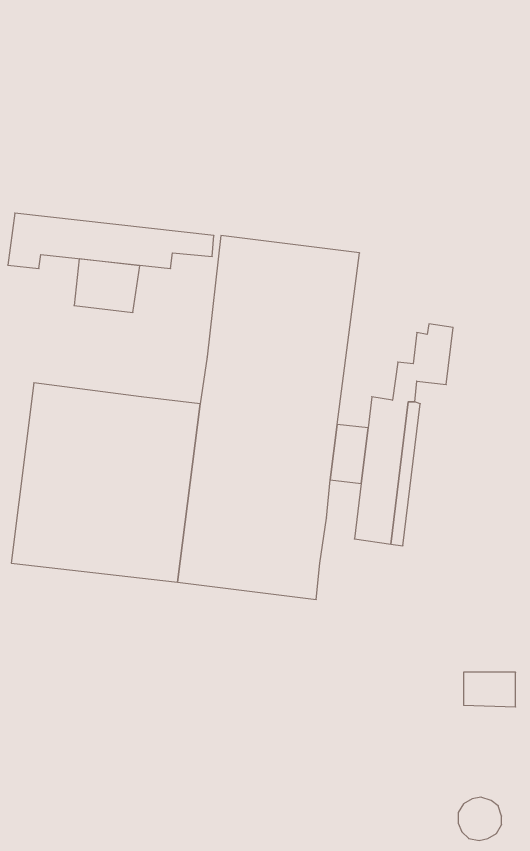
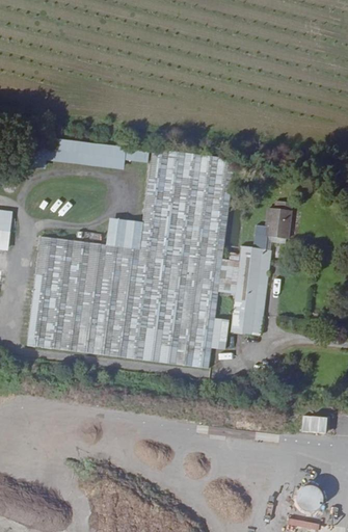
building: [74,259,140,312] -> [104,218,143,250]
building: none -> [211,319,229,348]

